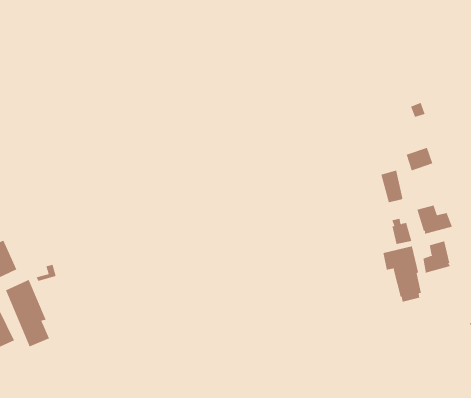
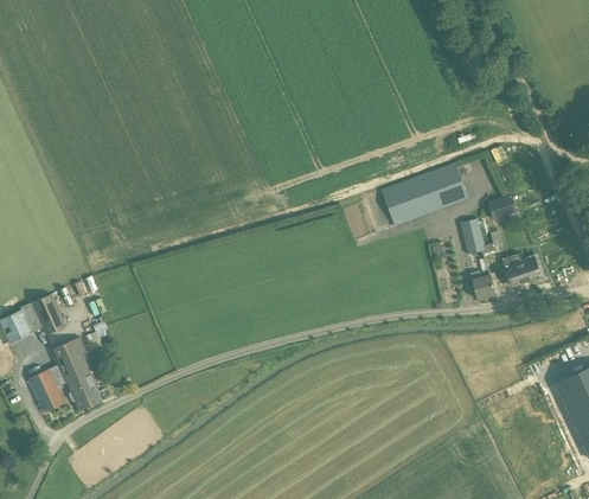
building: none -> [382,161,468,225]
building: [423,240,451,273] -> none
building: [383,246,421,302] -> none

